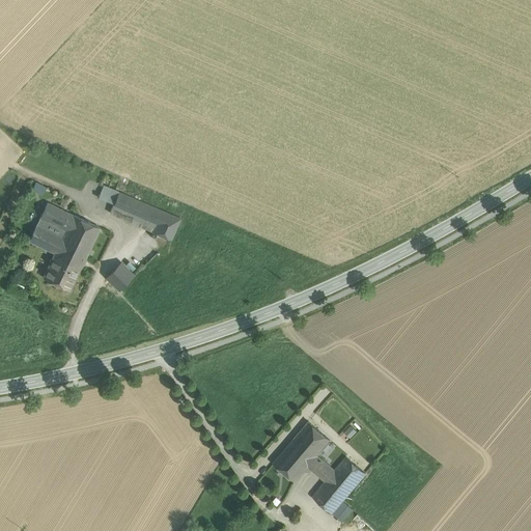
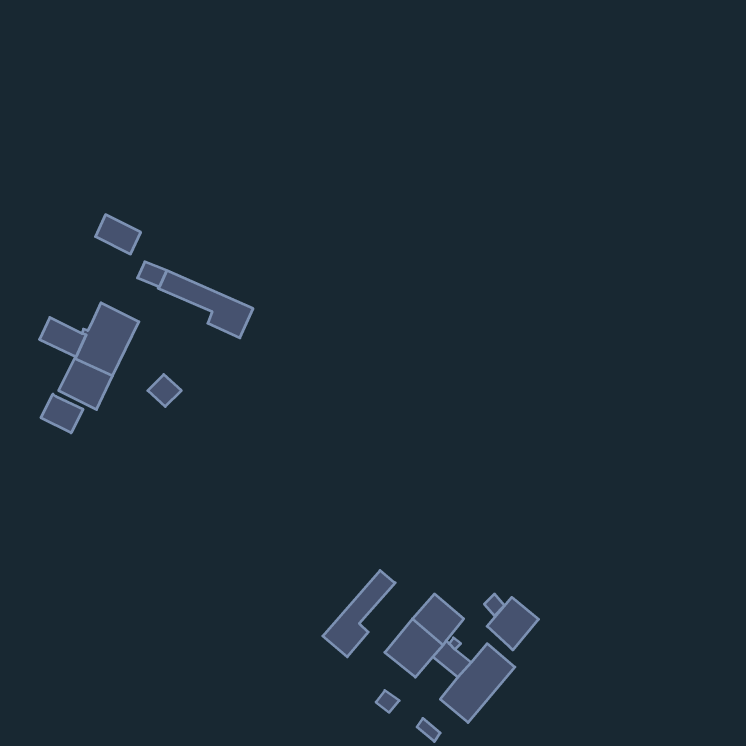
building: [39,203,72,231] -> [95,215,141,254]
building: none -> [41,394,83,433]
building: none -> [323,570,395,657]
building: none -> [487,597,539,650]

